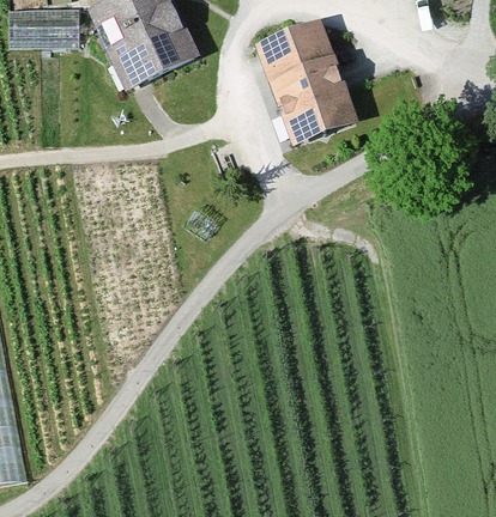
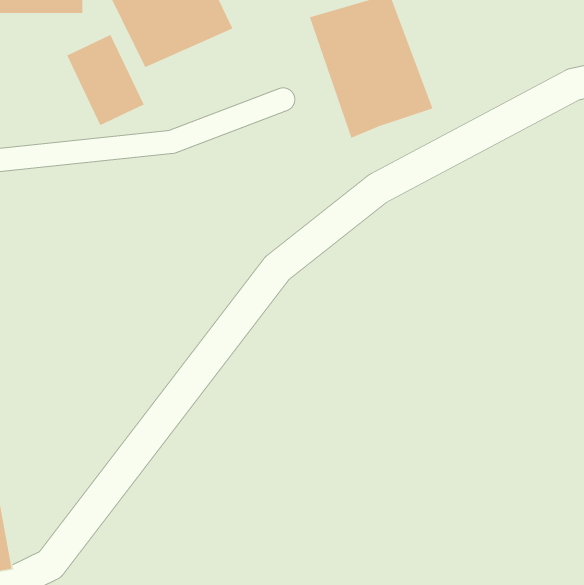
building: none -> [66,34,145,126]

